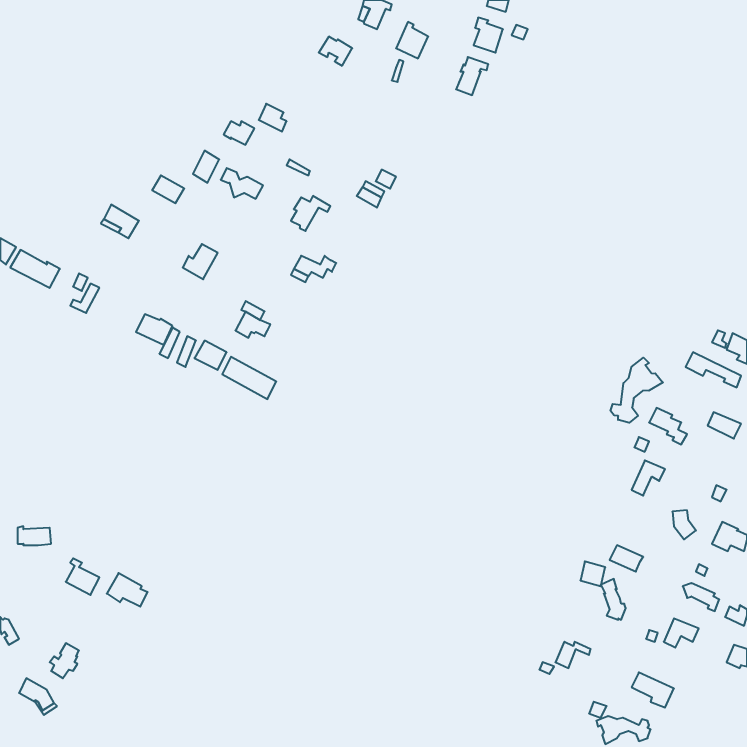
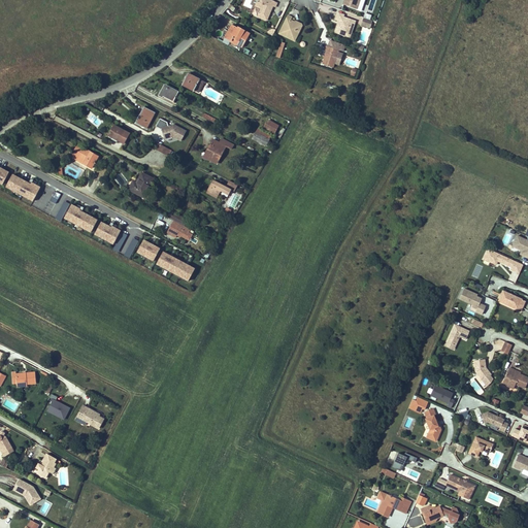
building: none -> [65,205,99,232]
building: [611,358,663,423] -> none
building: none -> [377,491,411,517]

